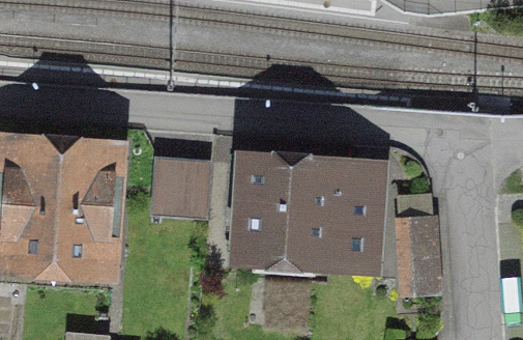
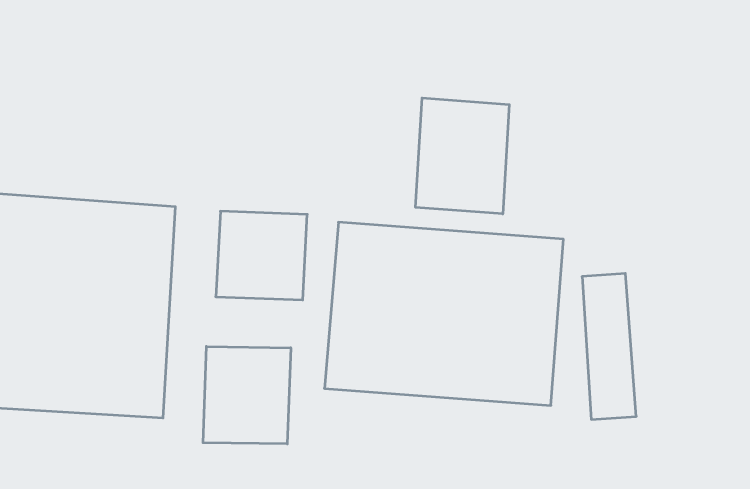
building: none -> [416,98,509,214]
building: none -> [203,346,291,444]

